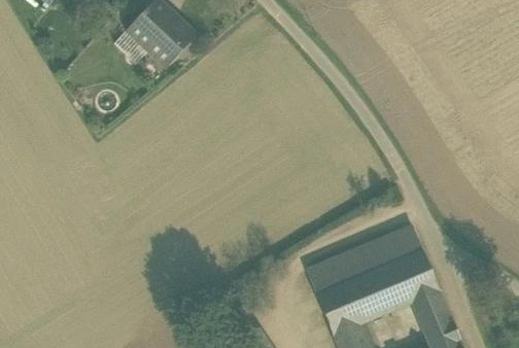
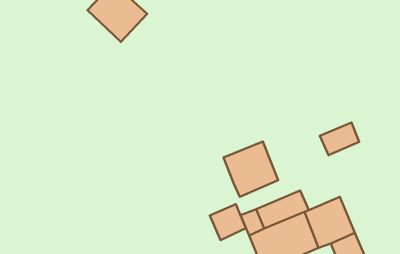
building: none -> [224,141,278,197]
building: [374,227,420,265] -> [320,122,359,155]
building: none -> [210,204,246,240]

